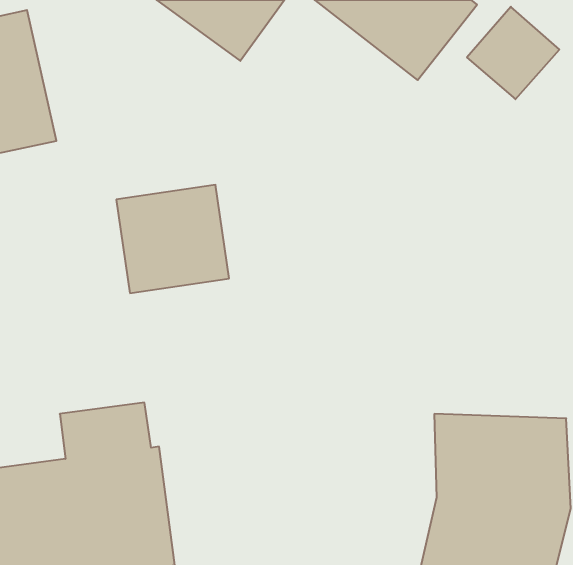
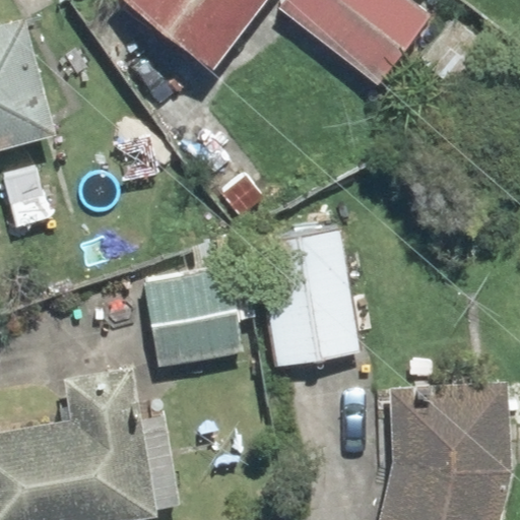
building: [116,185,229,293] -> [142,270,244,368]
building: none -> [257,231,358,363]

